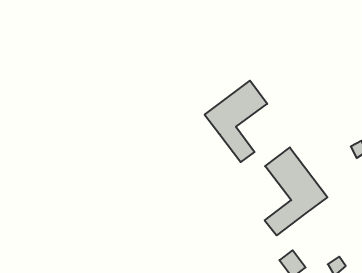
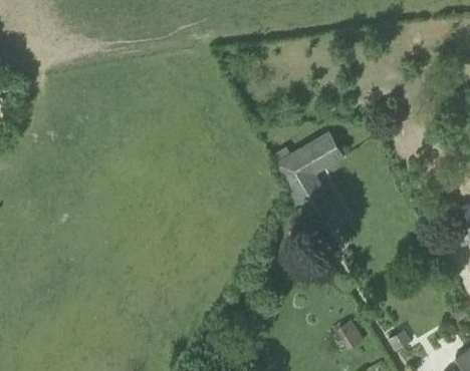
building: [265,147,327,235] -> none

